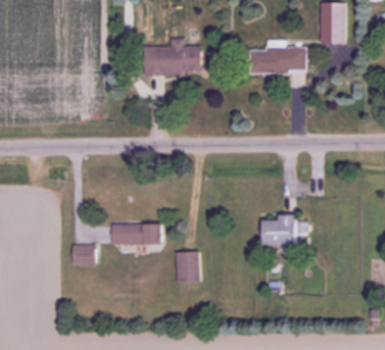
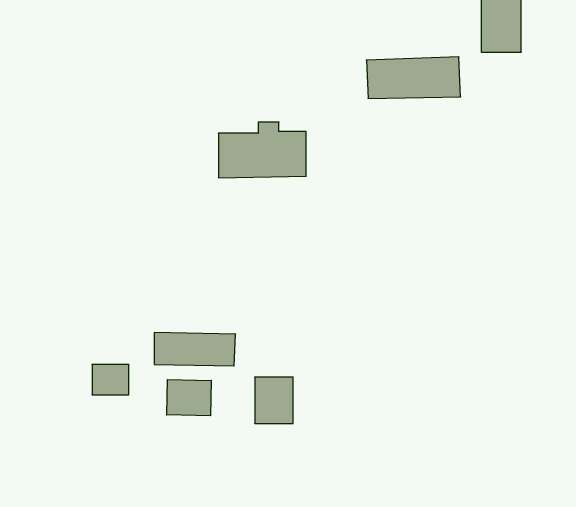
building: [144,39,200,74] -> [218,122,306,178]
building: [264,217,300,246] -> none
building: none -> [167,380,211,416]

